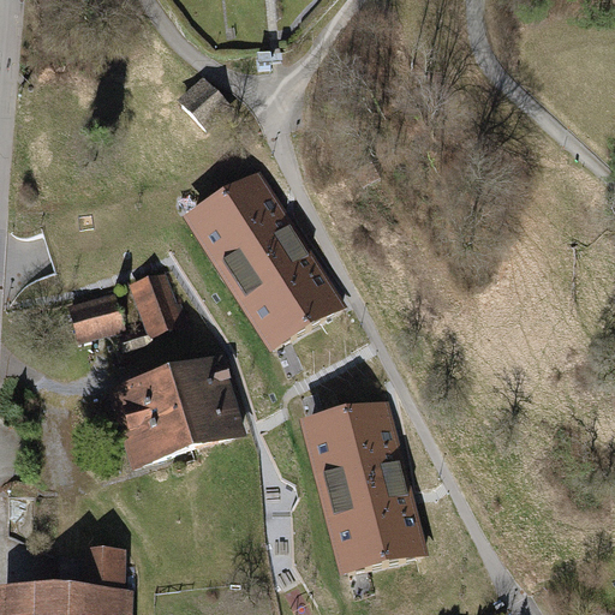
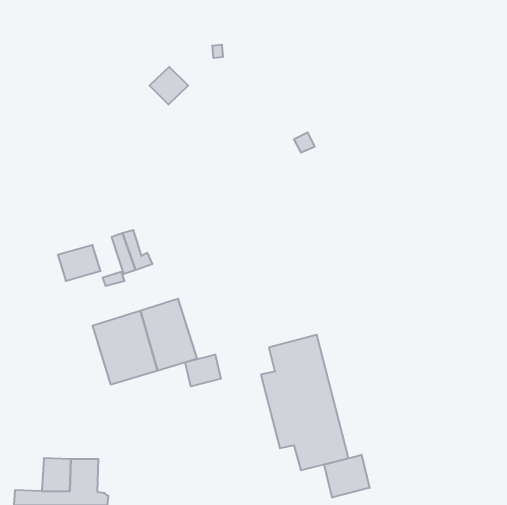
building: [205,177,339,336] -> none
building: none -> [185,354,221,386]
building: none -> [324,455,370,498]

